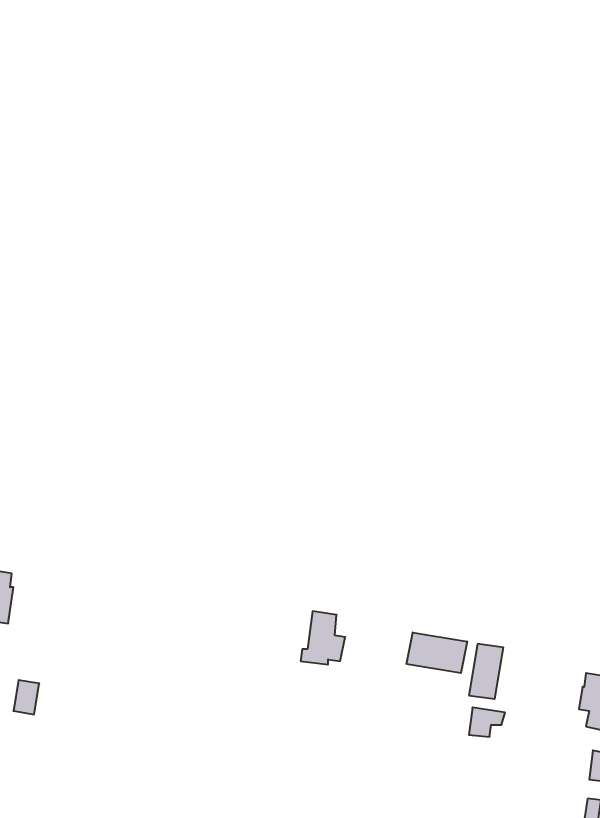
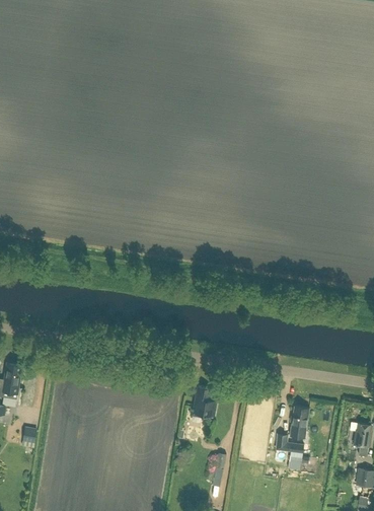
building: [407,632,467,673] -> none

